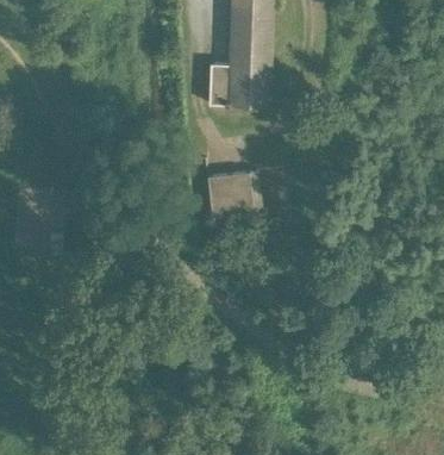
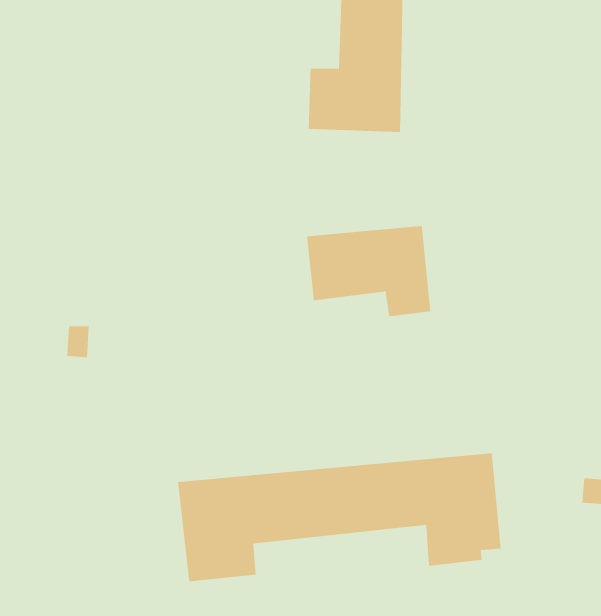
building: none -> [177,453,501,582]

